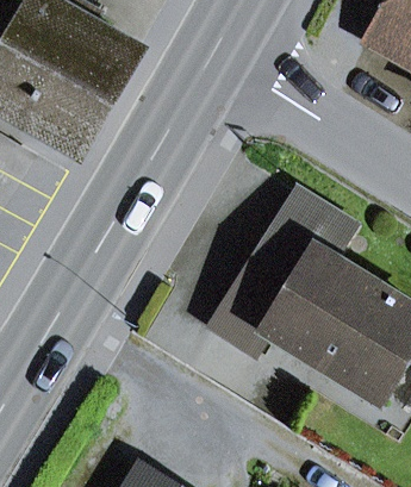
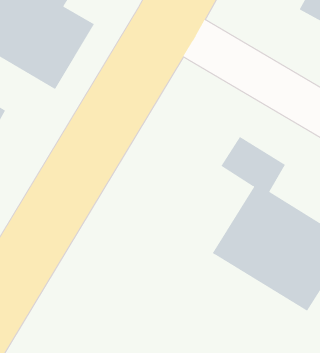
building: [213,229,313,354] -> none

